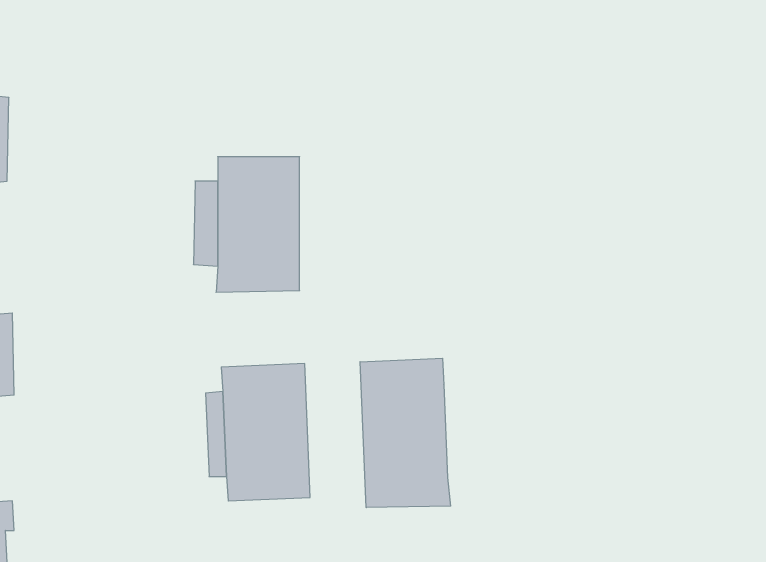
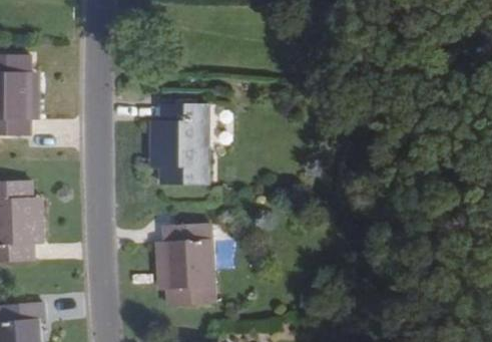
building: [360,358,451,508] -> none

